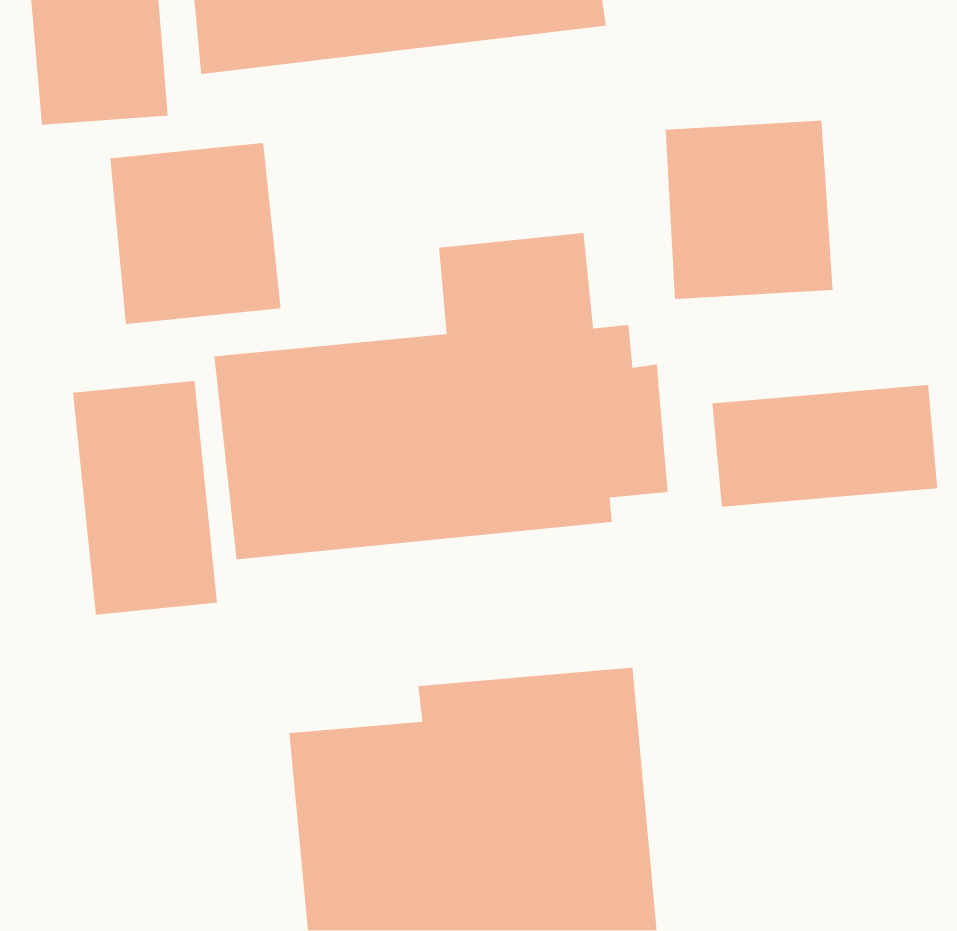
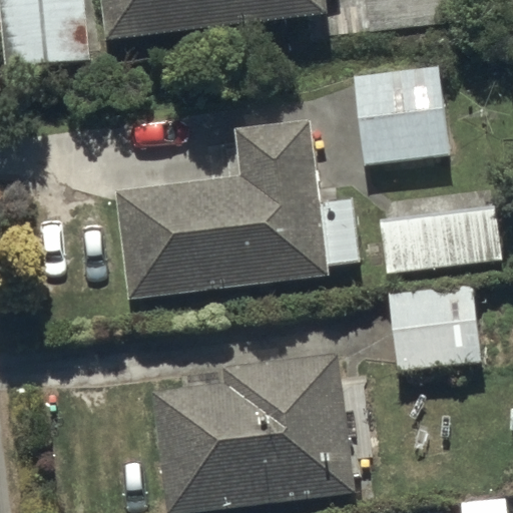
building: [109,142,282,325] -> none
building: [72,380,218,615] -> none
building: none -> [388,282,485,369]

